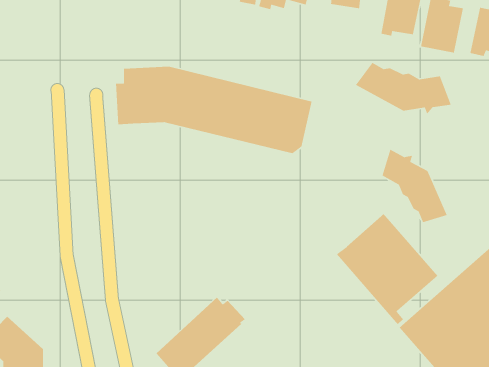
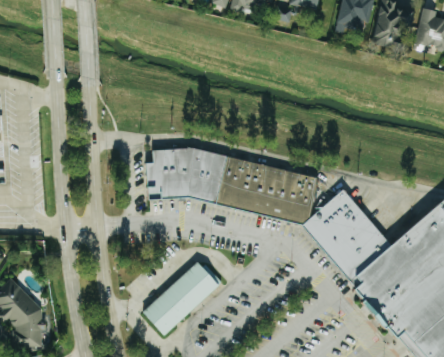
building: [355,62,452,115] -> none
building: [115,66,313,155] -> [143,146,316,224]
building: [381,149,448,223] -> none

